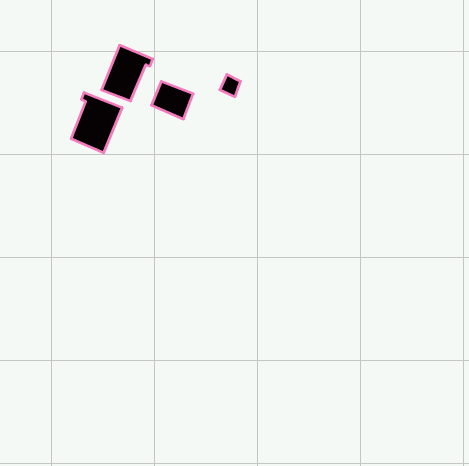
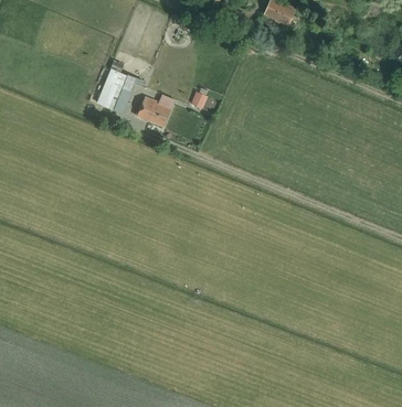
building: [71,92,122,153] -> none

